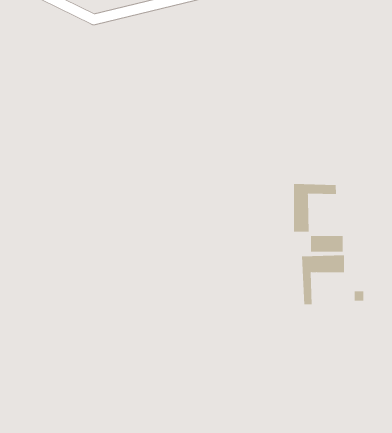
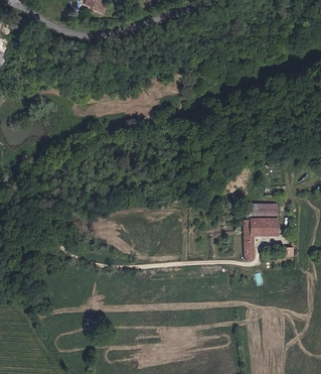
building: [293,183,337,233] -> none

